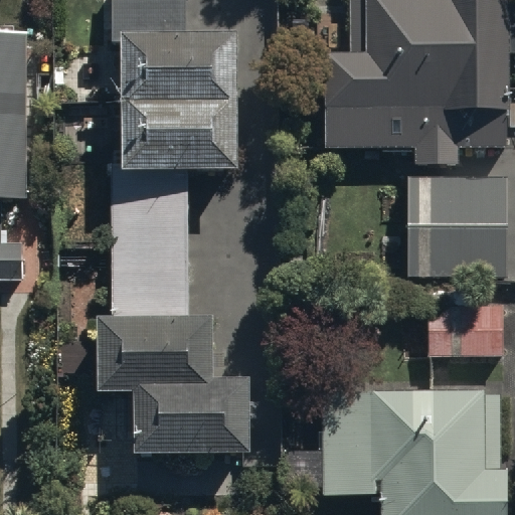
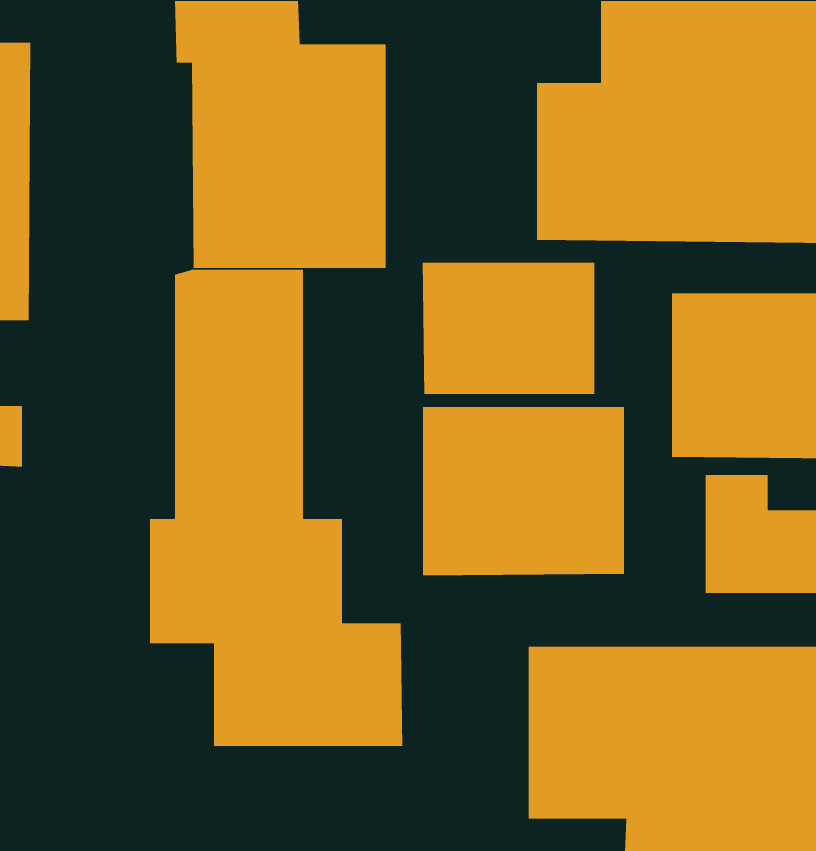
building: none -> [422,262,595,395]
building: none -> [422,406,625,576]

